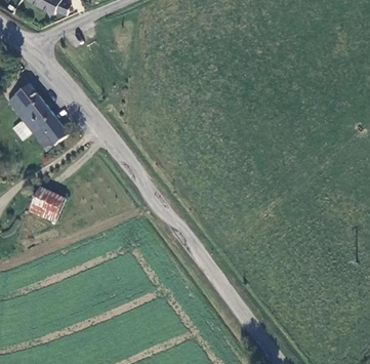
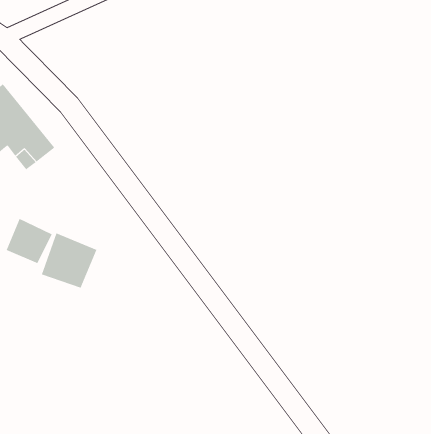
building: none -> [41,232,97,288]

